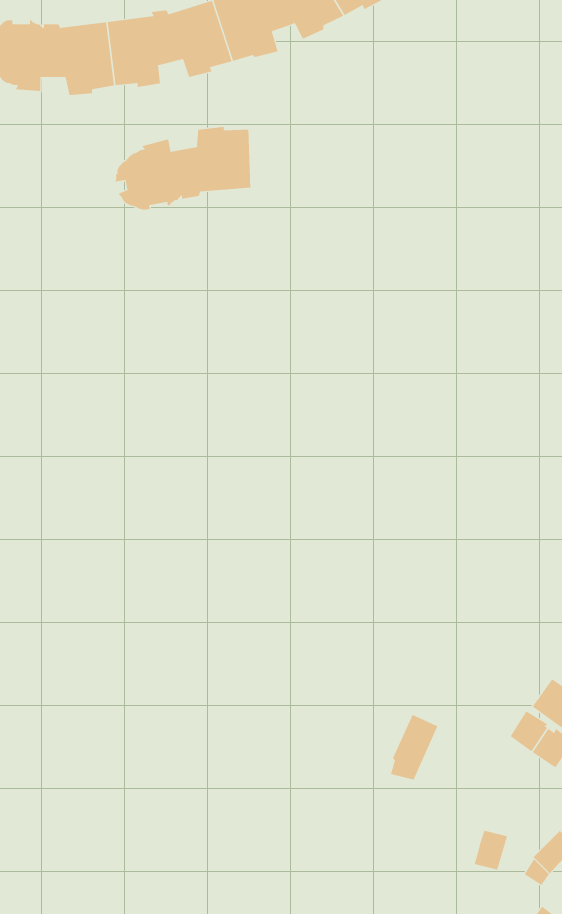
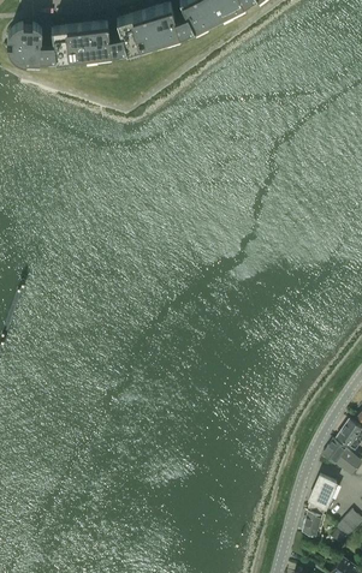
building: [115,126,251,211] -> none
building: [390,714,438,780] -> [309,474,338,514]

